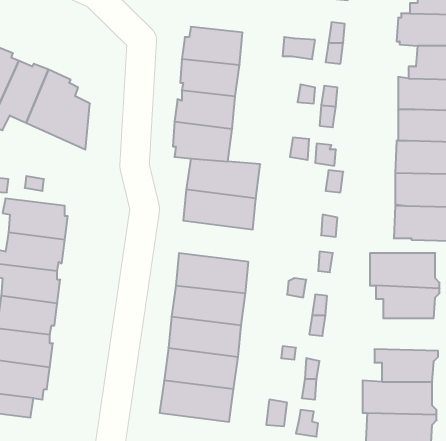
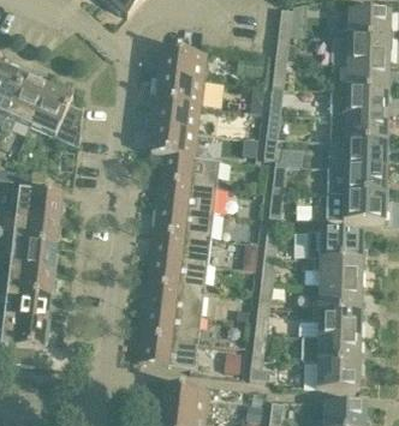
building: none -> [154,204,214,238]
building: none -> [312,283,364,310]

